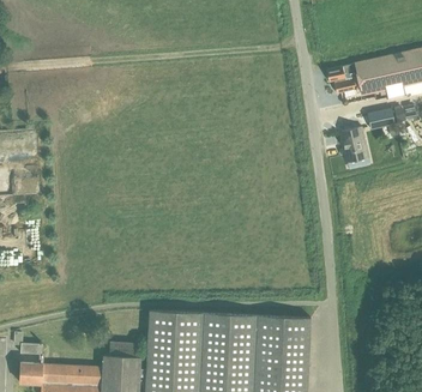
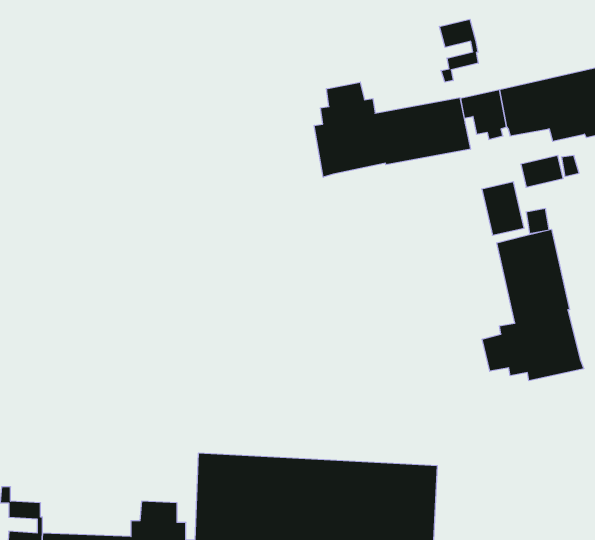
building: none -> [439,19,478,82]
building: none -> [314,82,470,177]
building: none -> [482,229,584,381]

